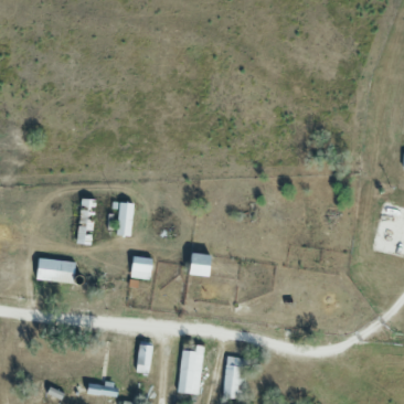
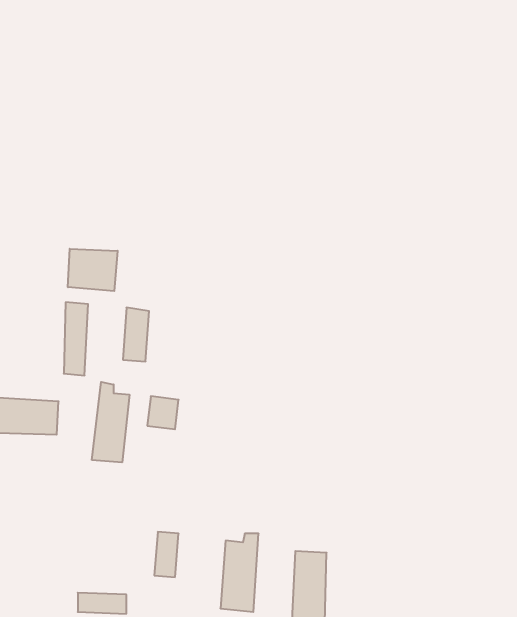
building: none -> [68,249,118,291]
building: none -> [92,382,129,462]
building: [190,253,211,275] -> none

